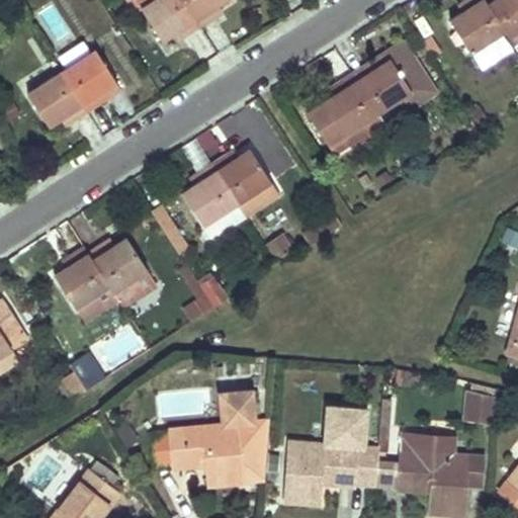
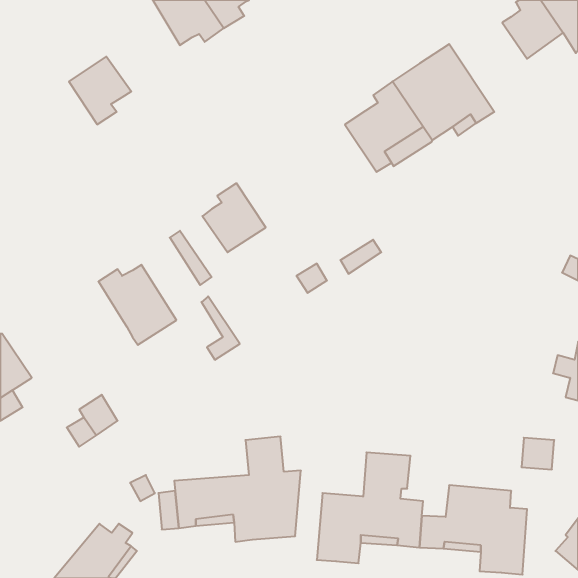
building: [27,73,87,125] -> none
building: [211,149,281,219] -> none
building: [54,245,118,323] -> none

